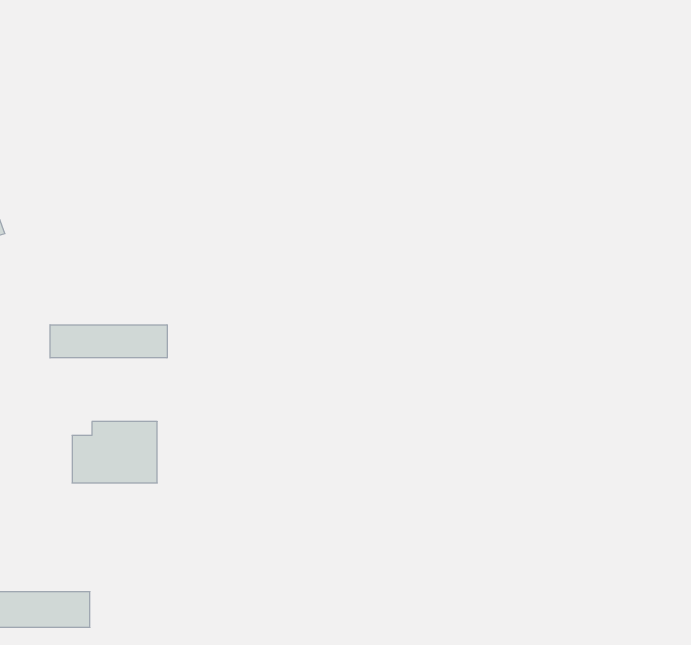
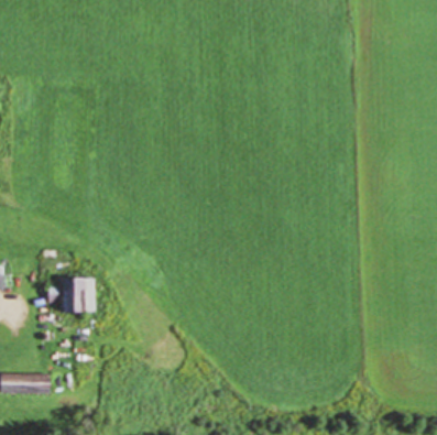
building: [50,325,167,358] -> none

